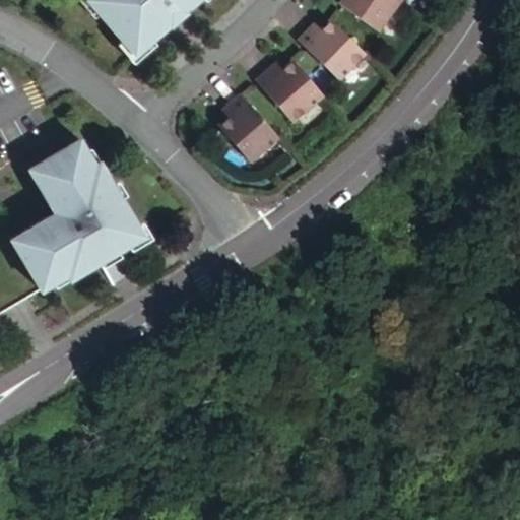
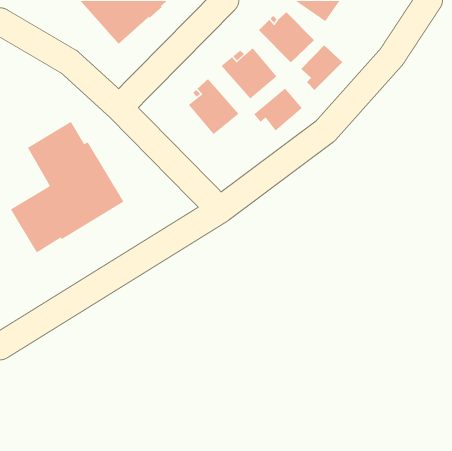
building: none -> [300,45,343,91]
building: none -> [253,87,303,131]

